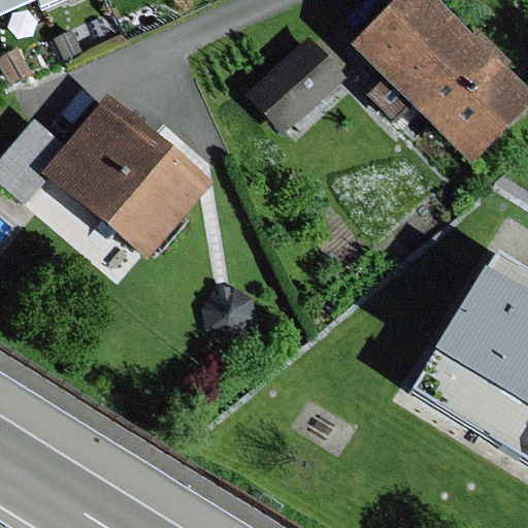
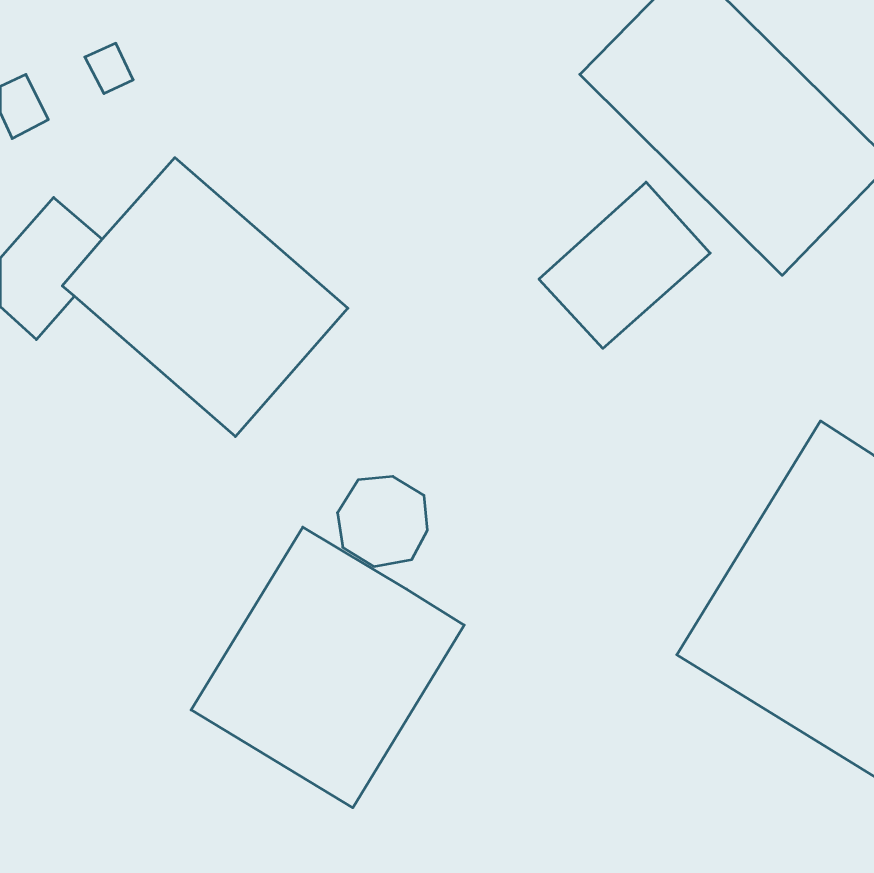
building: [248,33,350,132] -> [539,182,710,348]
building: none -> [191,527,464,808]

